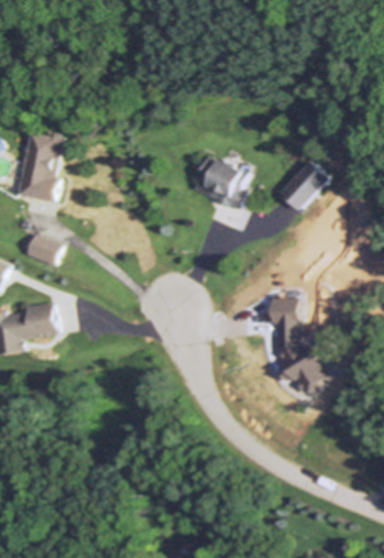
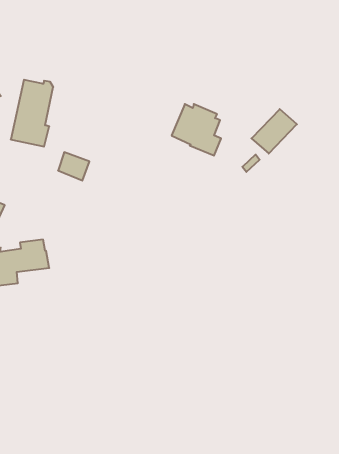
building: [26,236,61,266] -> [58,152,89,181]
building: [278,300,322,389] -> none

